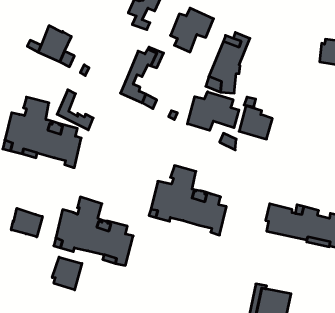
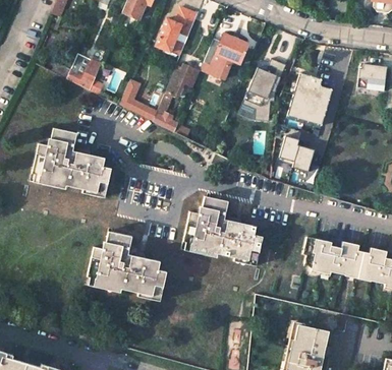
building: none -> [289,81,332,123]
building: [57,90,93,130] -> [119,80,157,122]
building: [187,92,239,130] -> none
building: [11,208,42,237] -> none
building: [52,257,82,290] -> none

